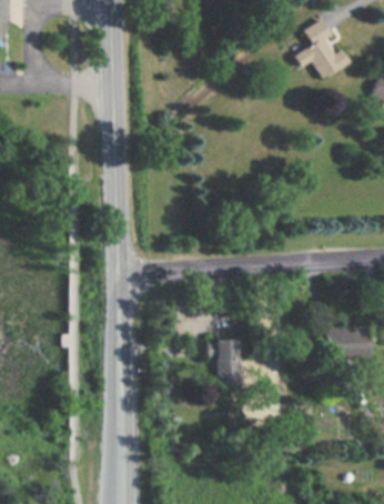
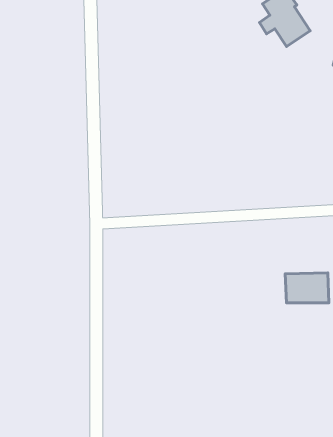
building: [214,339,239,386] -> none

